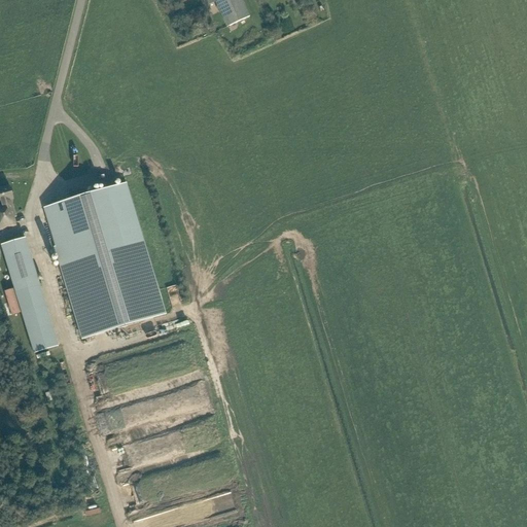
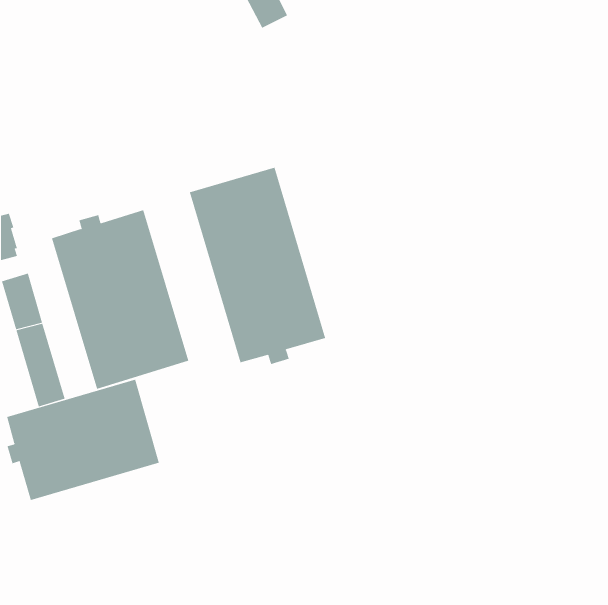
building: none -> [189,167,326,365]
building: none -> [6,379,160,501]

